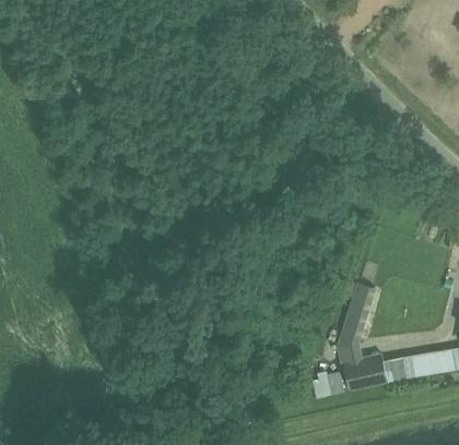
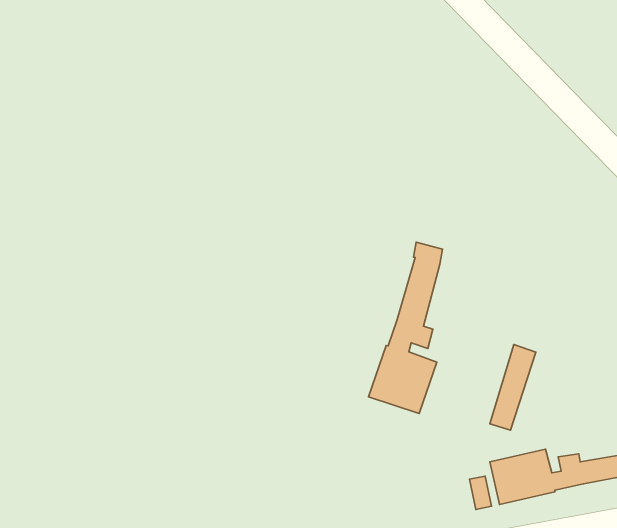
building: none -> [369,242,442,413]

